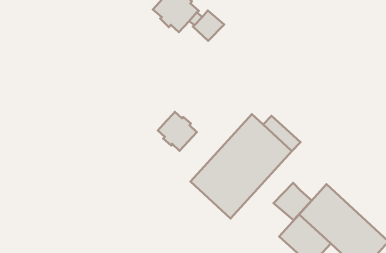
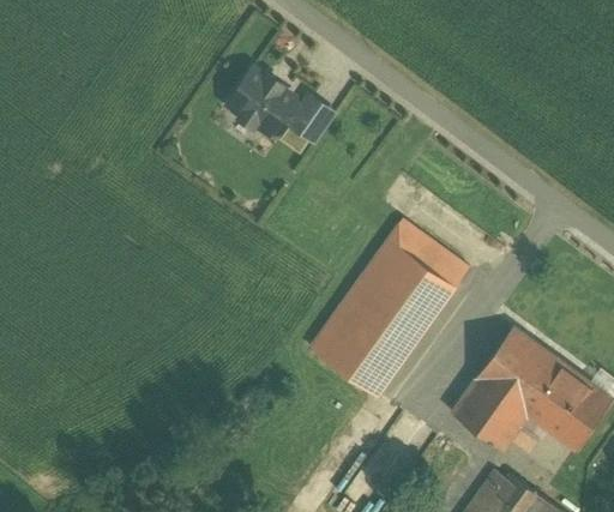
building: [158,112,197,151] -> none
building: [273,183,312,220] -> none

